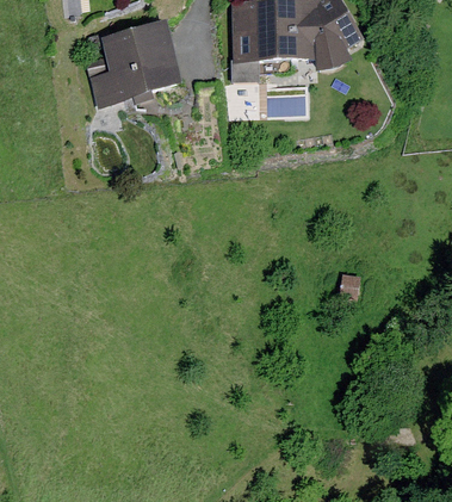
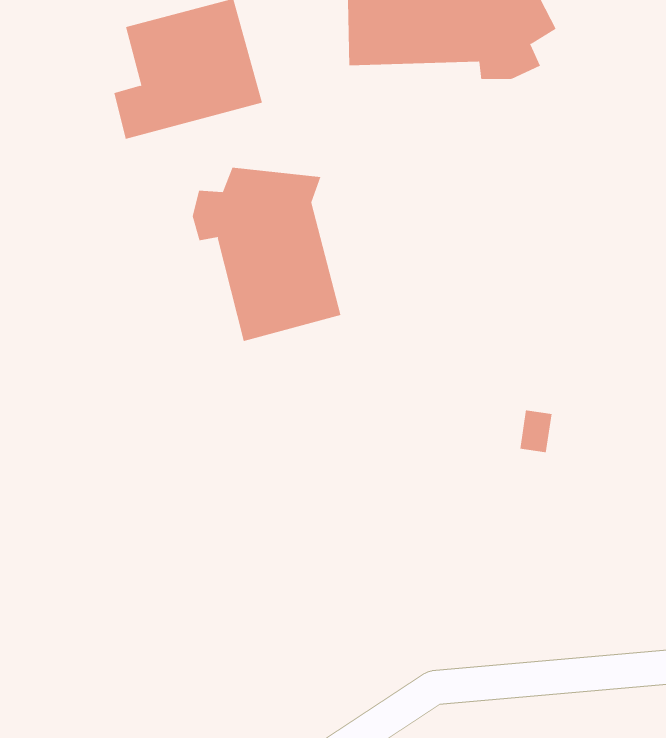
building: none -> [192,167,341,342]

